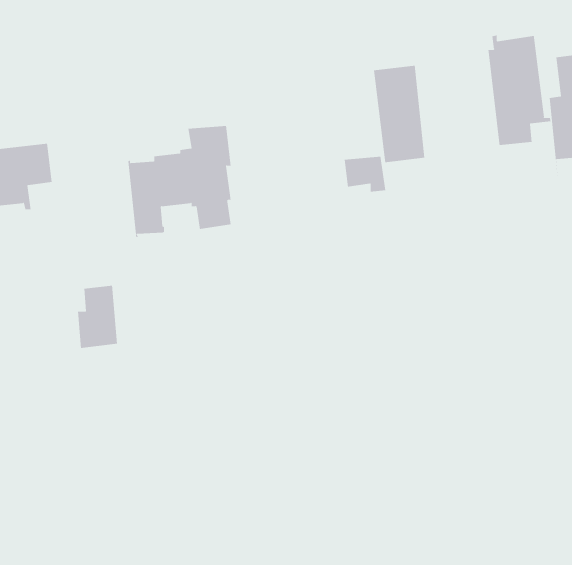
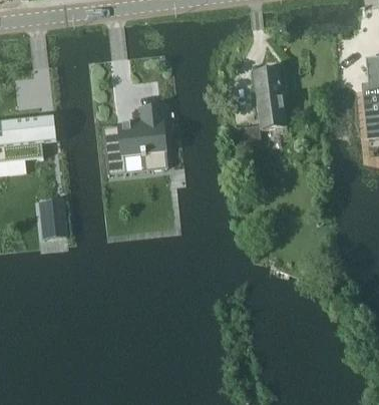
building: [488,35,551,146] -> none
building: [77,285,118,349] -> [41,196,66,236]

